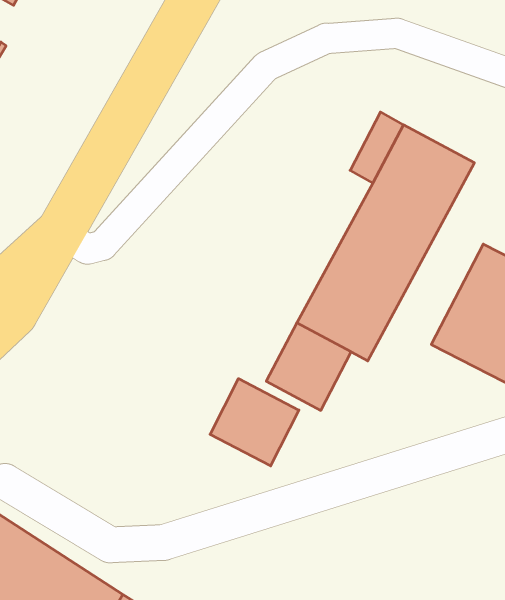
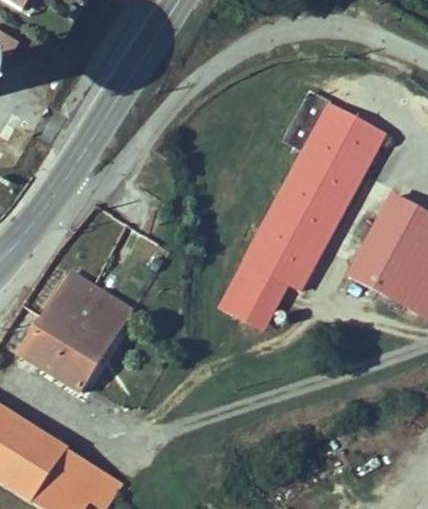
building: none -> [18,271,131,391]
building: [210,379,299,466] -> none

